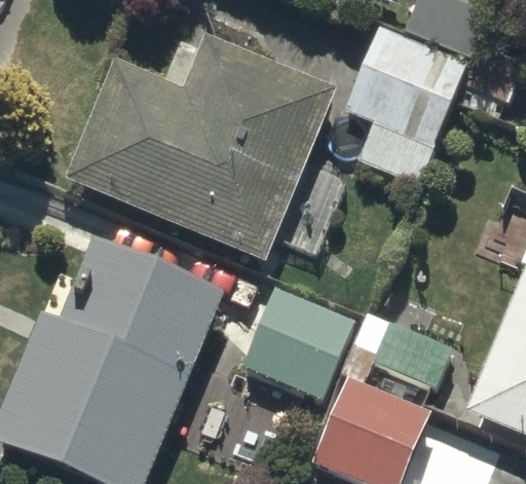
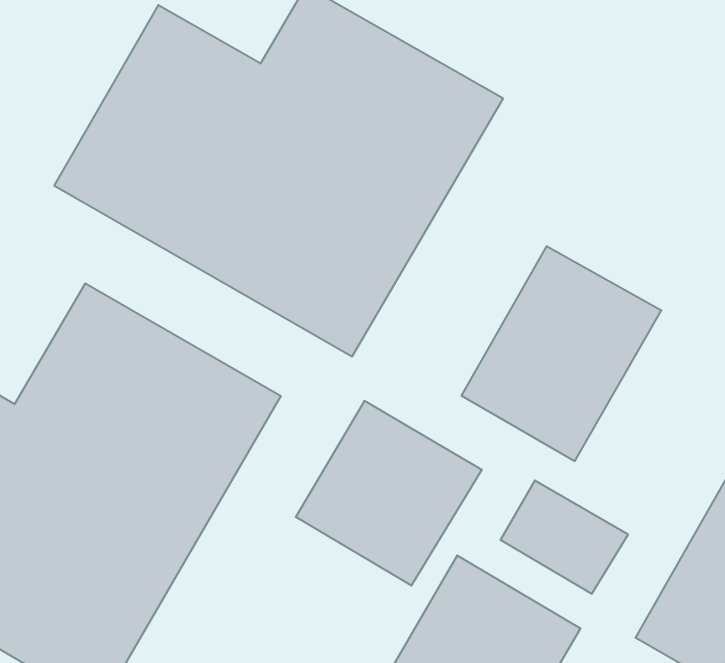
building: [346,25,469,182] -> none
building: none -> [462,246,661,461]

